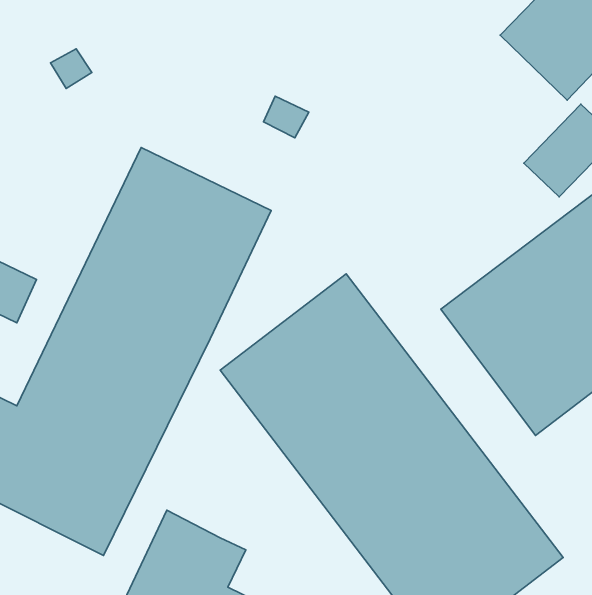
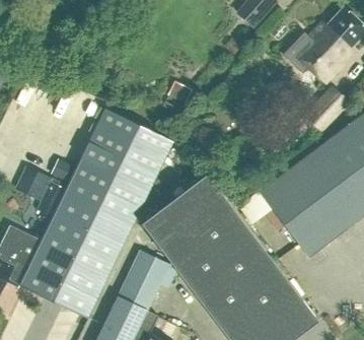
building: none -> [118,251,173,310]

